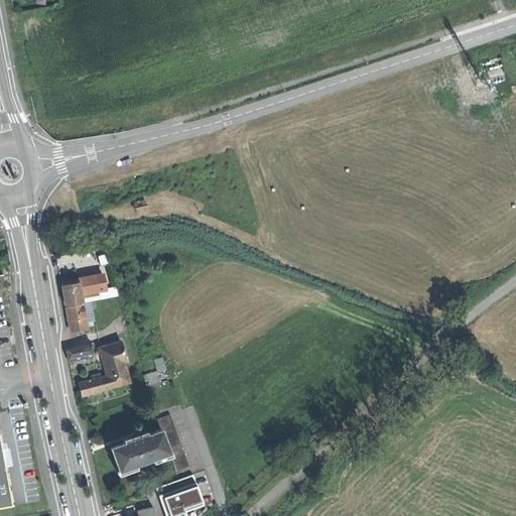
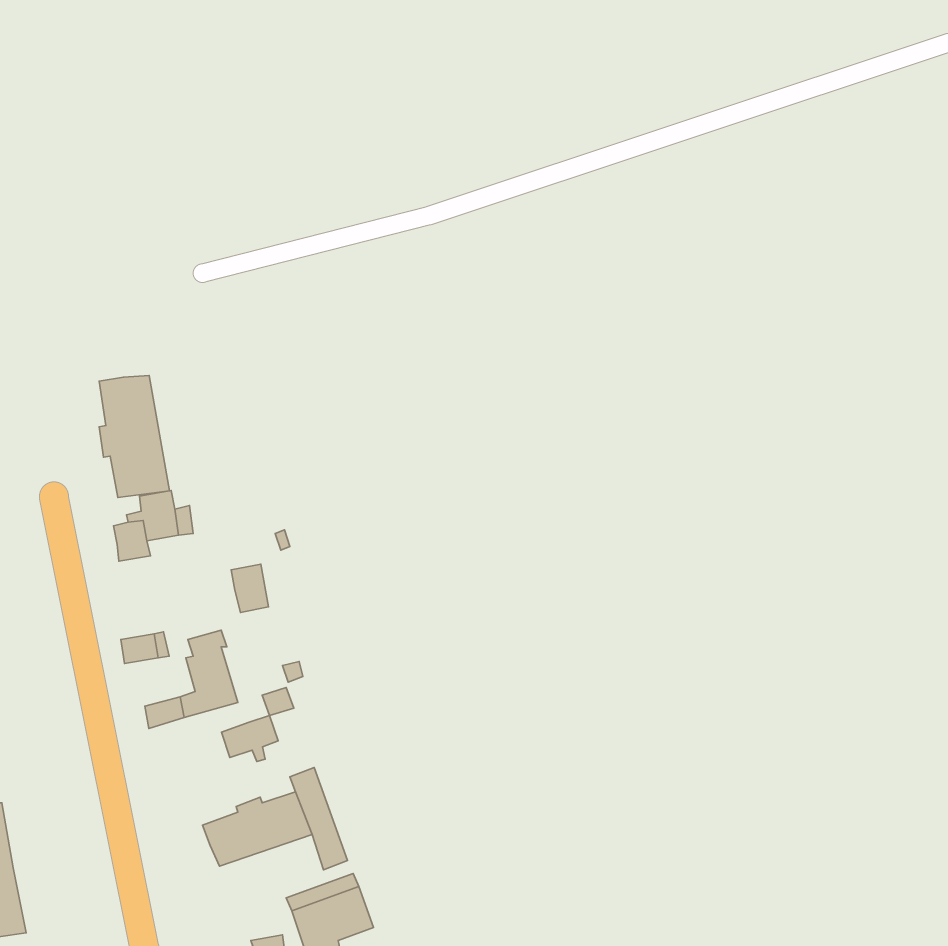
building: none -> [99,375,170,498]
building: [66,306,86,333] -> [231,564,268,612]
building: none -> [221,716,278,762]

